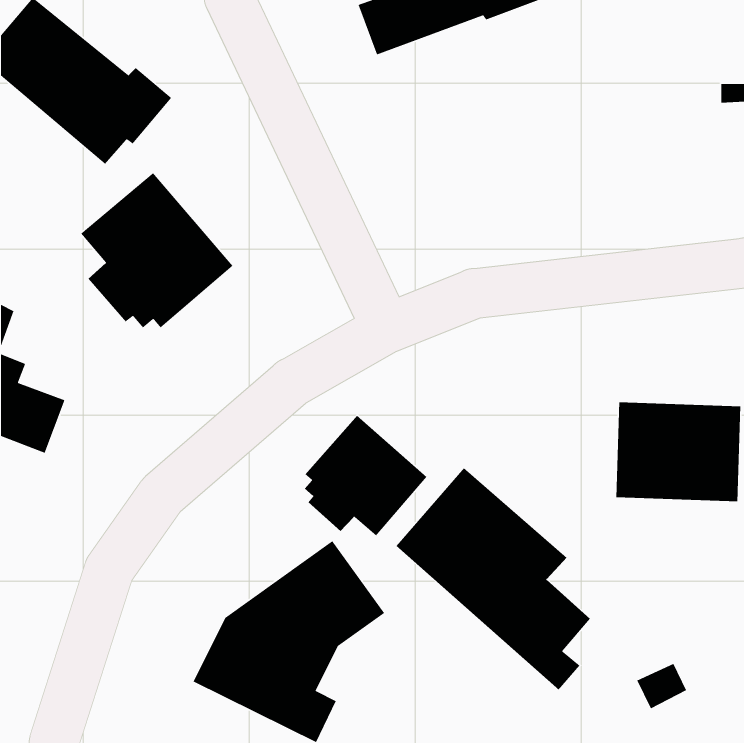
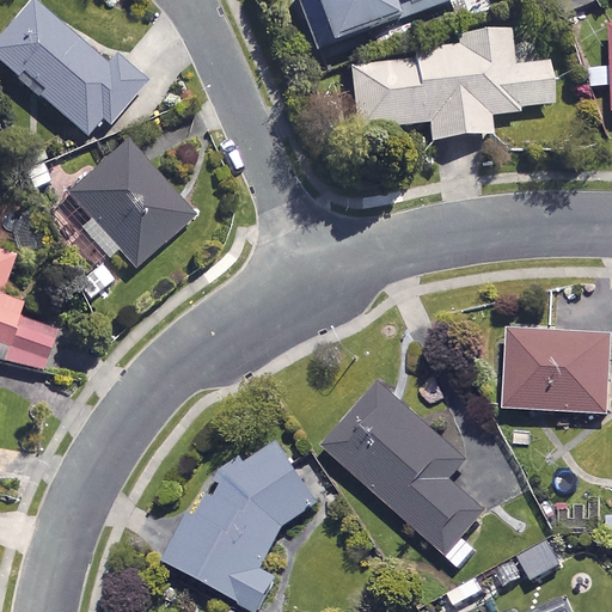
building: none -> [348,26,552,137]
building: [304,415,428,537] -> none

